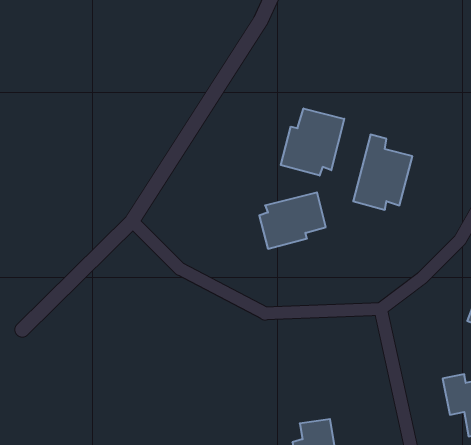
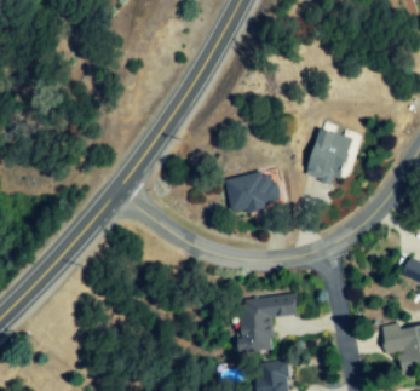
building: [281,108,344,176] -> none
building: none -> [236,294,297,353]

